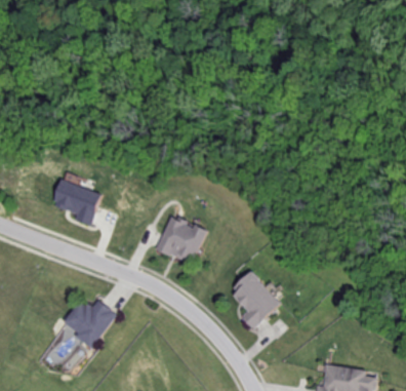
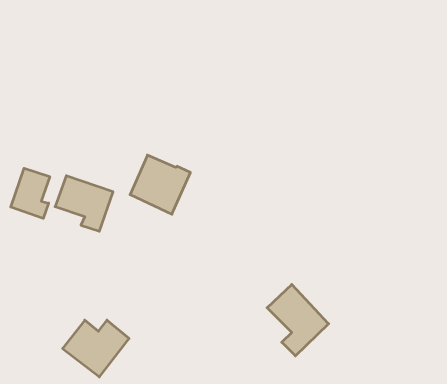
building: none -> [11,168,50,218]
building: [157,216,207,265] -> [130,155,190,214]

